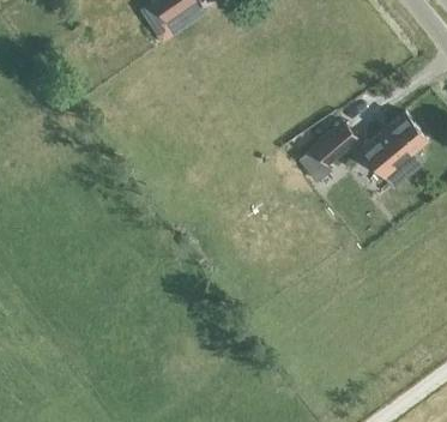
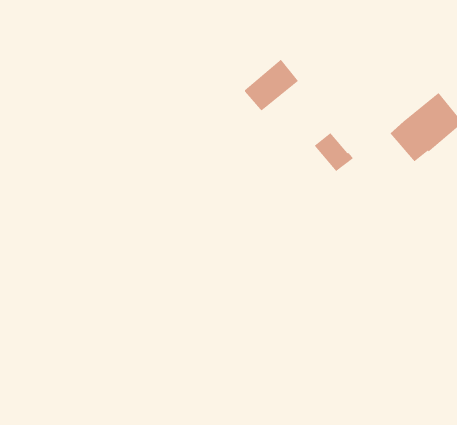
building: [313,117,361,164] -> [244,59,299,112]

